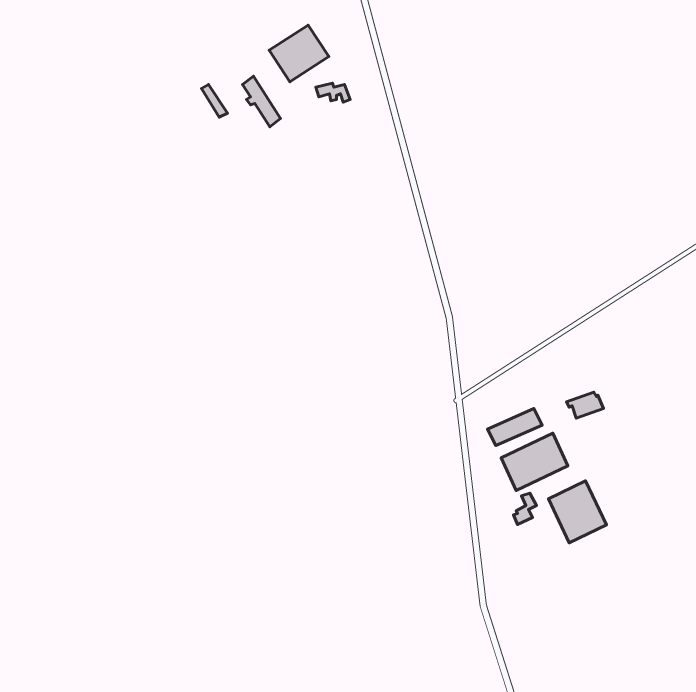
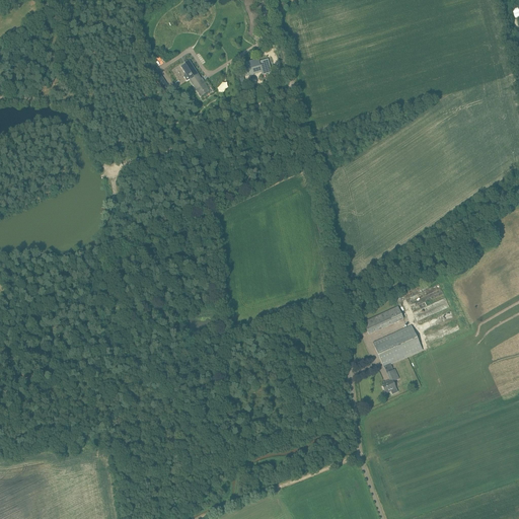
building: [269,25,329,82] -> none
building: [549,481,606,543] -> none

